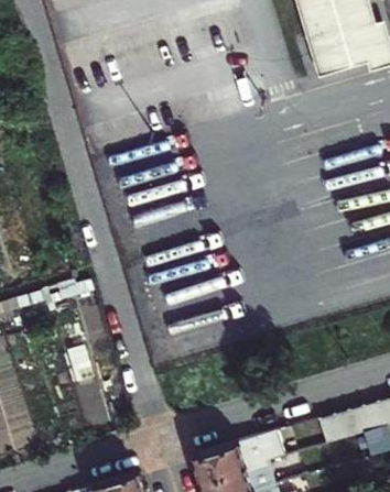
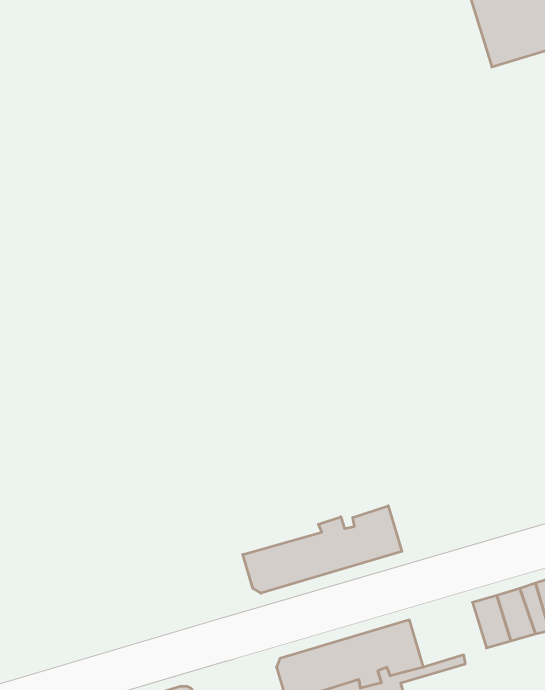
building: none -> [243,506,402,593]

